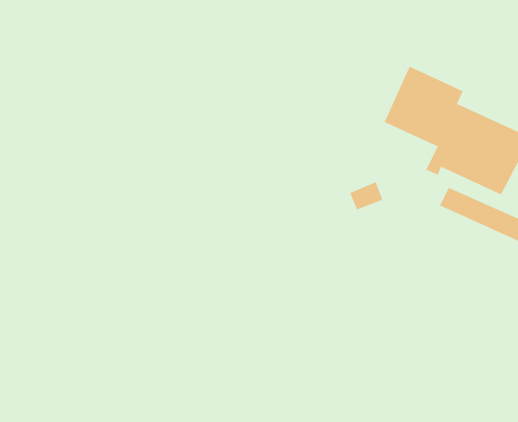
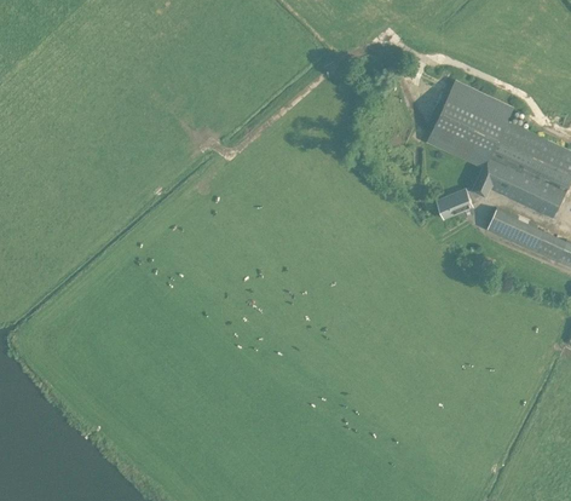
building: [350,181,383,210] -> [437,189,472,219]

